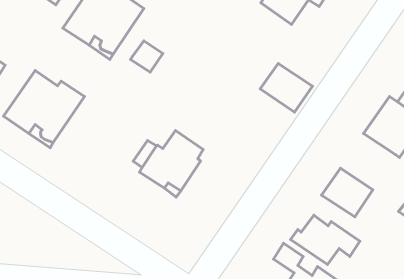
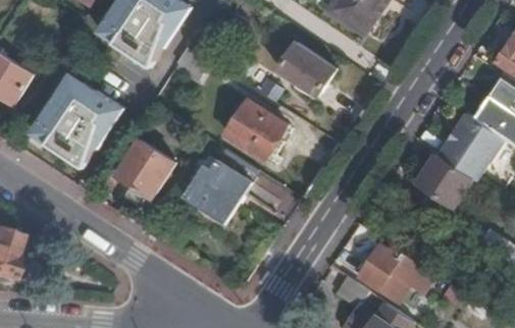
building: [260,64,312,112] -> [276,43,336,98]
building: none -> [225,100,287,158]
building: none -> [118,140,175,198]
building: [322,168,373,217] -> [416,152,474,207]

